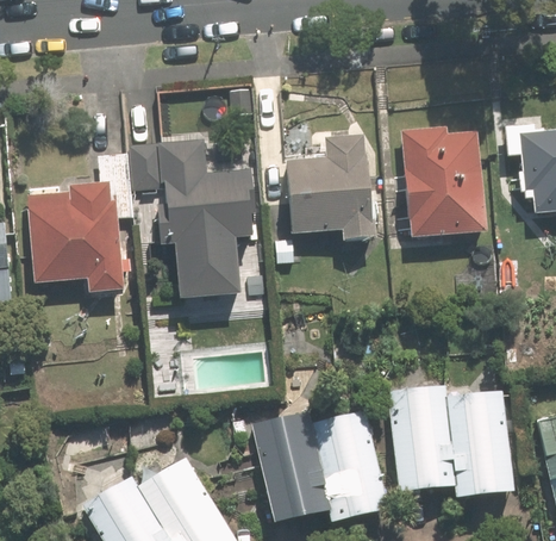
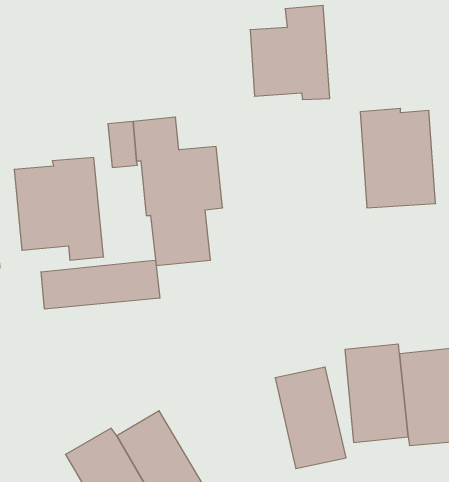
building: [286,133,373,236] -> [250,6,330,100]
building: none -> [41,260,160,309]
building: [250,411,331,523] -> none

